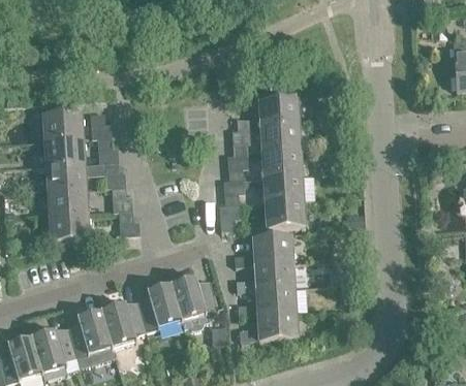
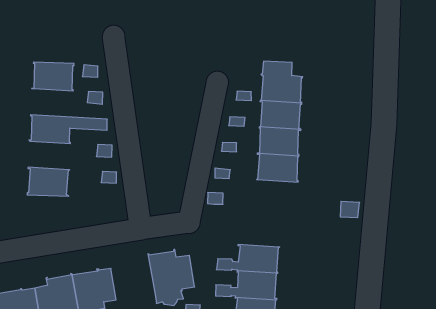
building: [43,137,85,164] -> none
building: [48,187,88,214] -> none
building: [265,198,306,226] -> none
building: [235,235,293,264] -> none
building: [137,282,182,328] -> none

